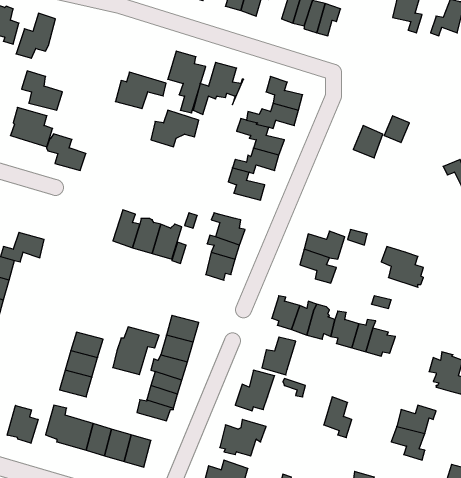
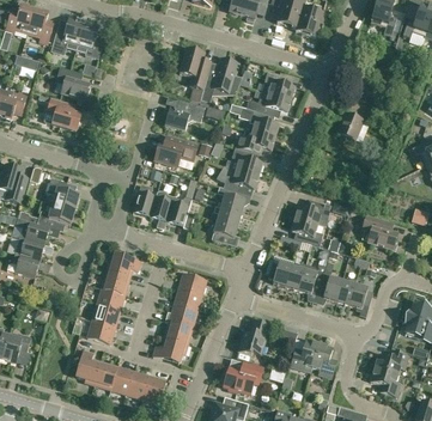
building: none -> [78,22,103,59]
building: [115,72,166,109] -> [154,135,197,166]
building: [47,134,86,170] -> [45,178,79,209]
building: none -> [217,165,258,191]
building: [113,327,159,375] -> [102,254,141,294]
building: [262,337,296,375] -> [291,340,320,372]
building: [7,405,38,443] -> none

